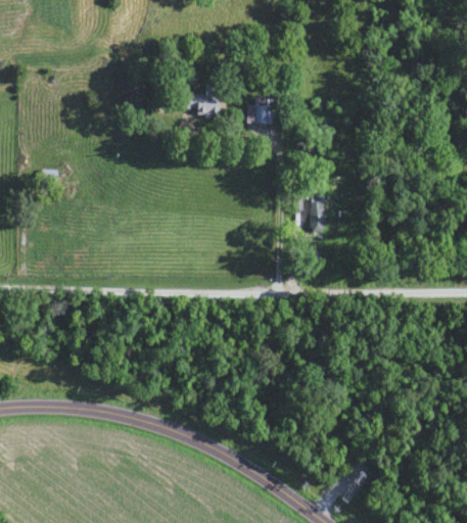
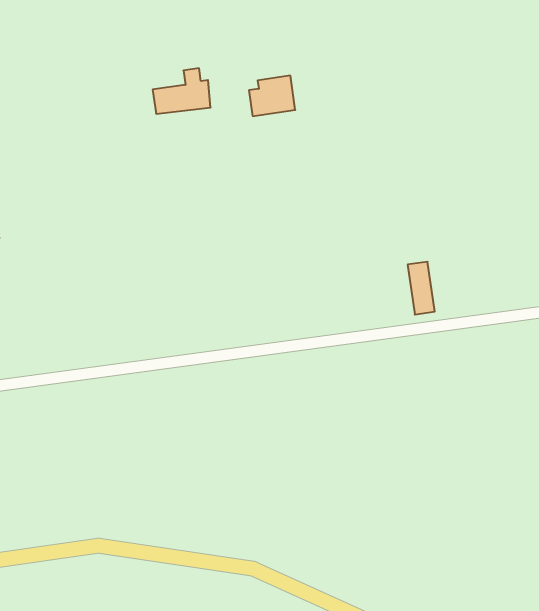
building: [311,196,325,232] -> [408,262,435,315]

